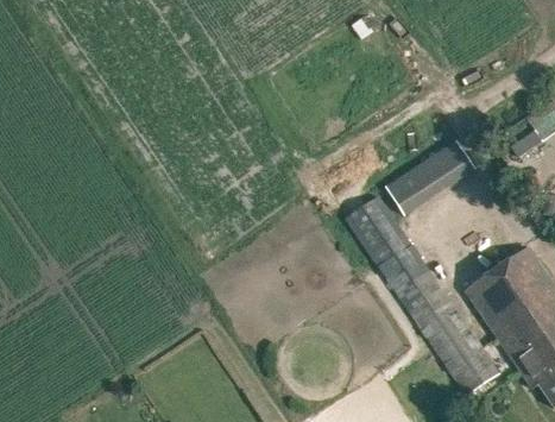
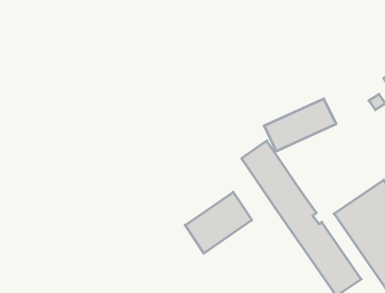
building: none -> [185,192,252,253]

